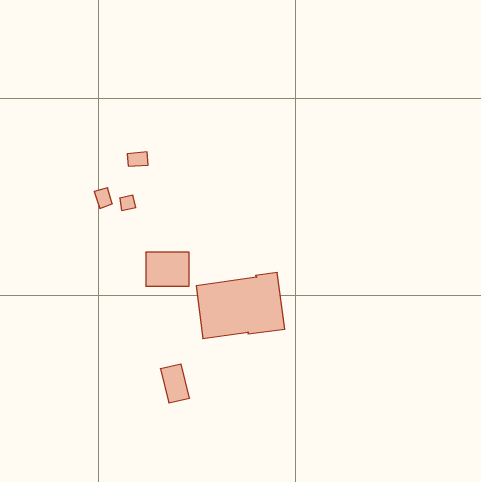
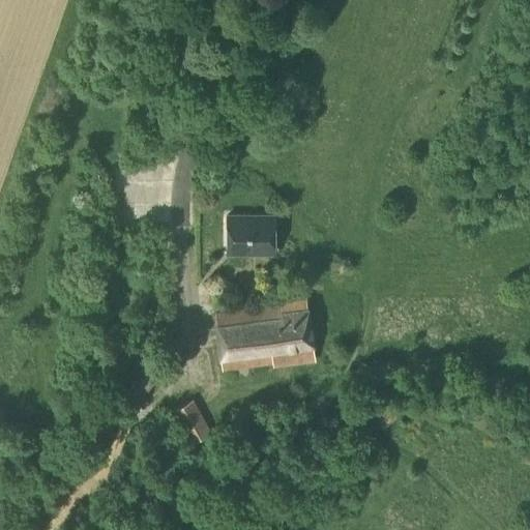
building: [146,252,189,286] -> [227,216,274,254]

